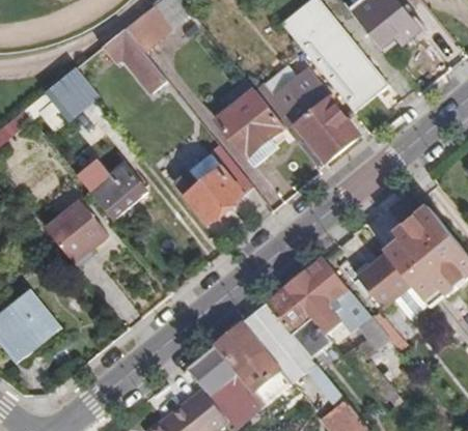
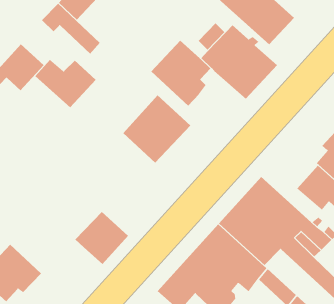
building: [77,160,145,218] -> [35,59,97,108]
building: [46,201,107,261] -> [74,211,129,265]

